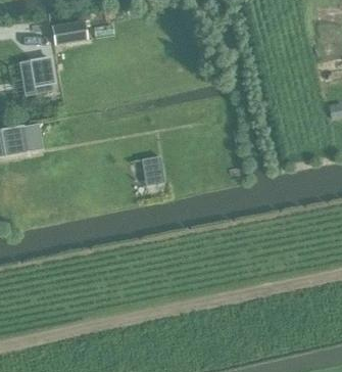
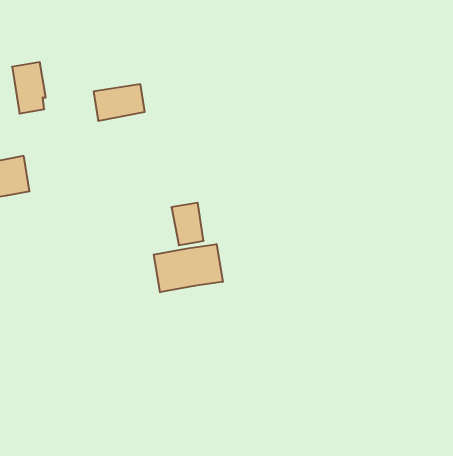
building: [50,20,86,46] -> [94,84,145,121]
building: none -> [154,244,223,292]

